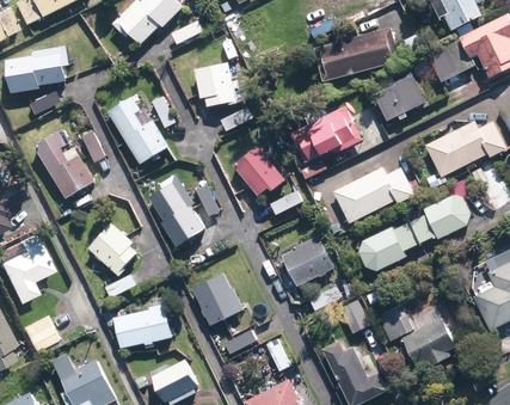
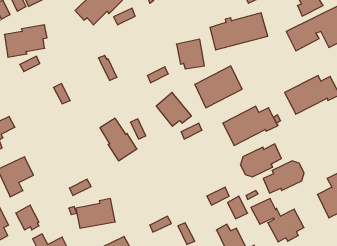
building: [195,61,236,105] -> [176,39,204,69]
building: [375,68,428,121] -> none
building: [109,97,171,164] -> none
building: [35,130,96,198] -> none
building: [411,195,472,243] -> [263,161,304,193]
building: [88,222,139,275] -> none
building: [282,234,336,286] -> none
building: [192,272,245,326] -> none

